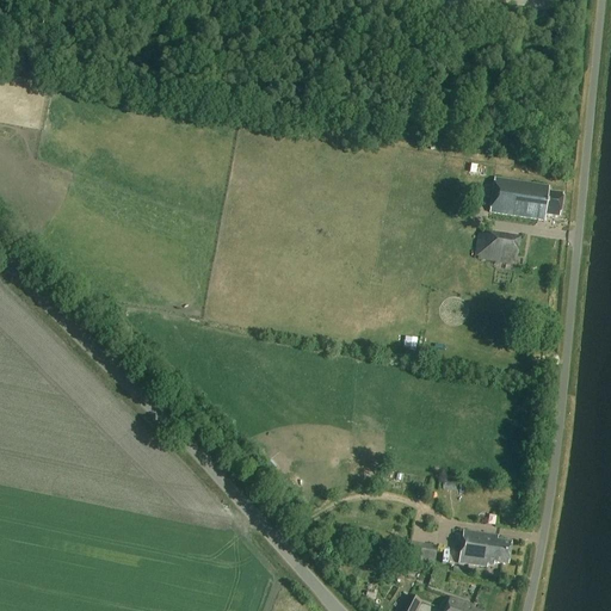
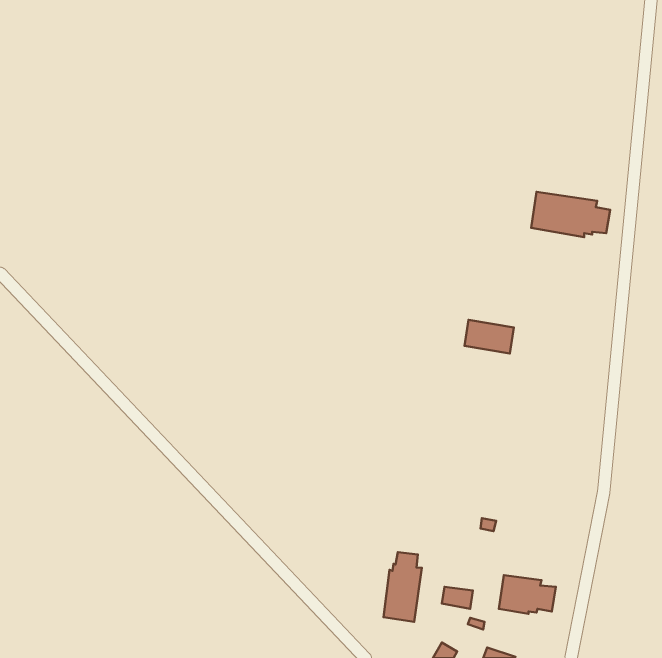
building: [474,232,519,263] -> [465,320,514,353]
building: none -> [384,552,422,622]

